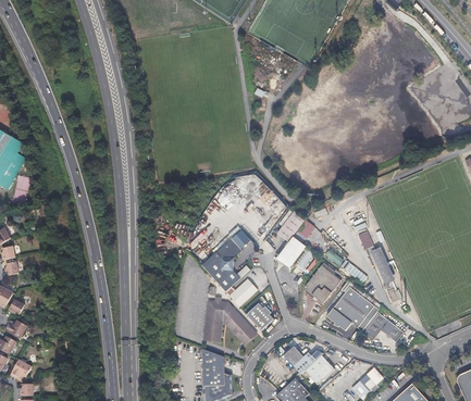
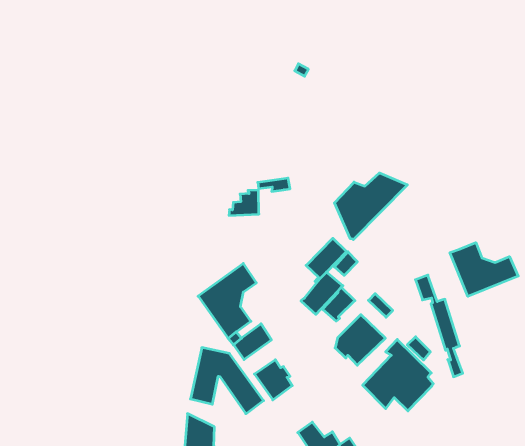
building: none -> [334,173,407,240]
building: none -> [450,243,518,296]
building: [360,311,402,341] -> none

